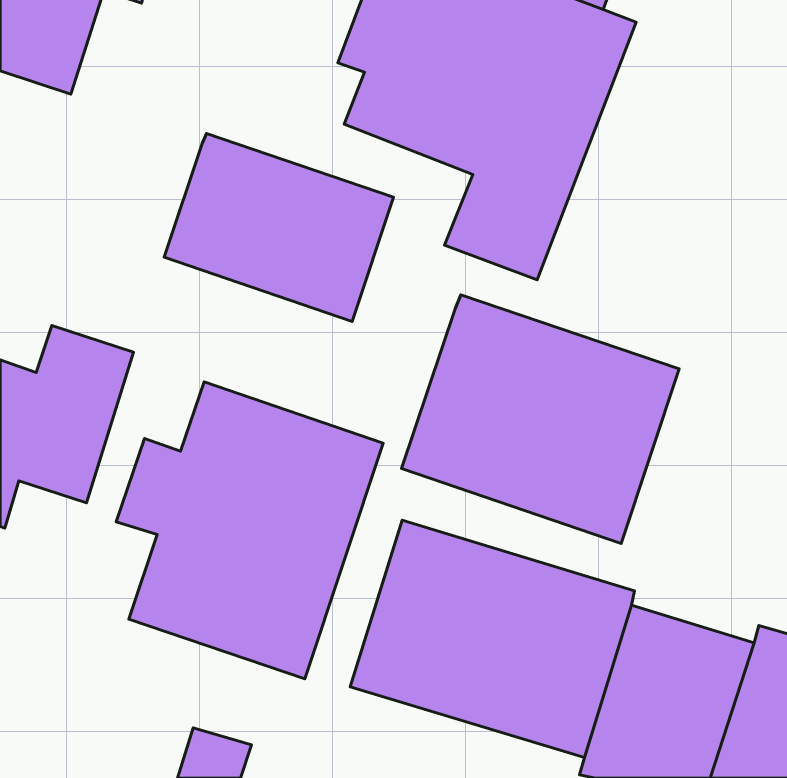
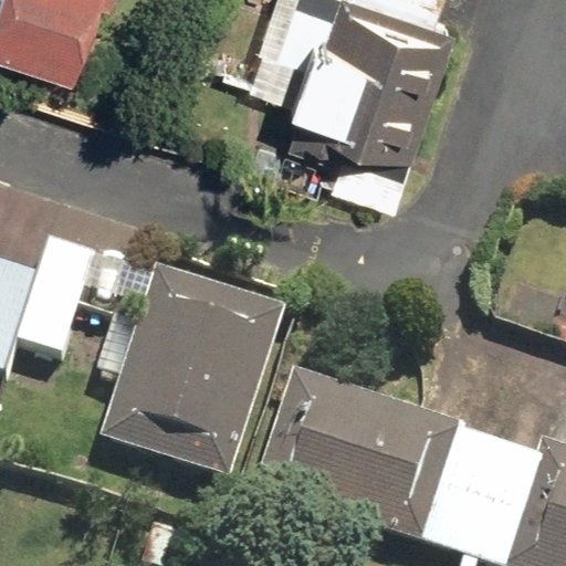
building: [164,134,393,321] -> none
building: [402,295,679,544] -> none

